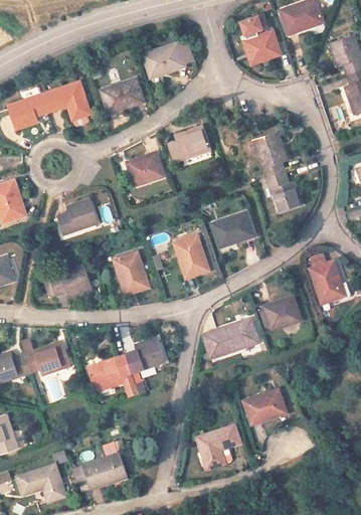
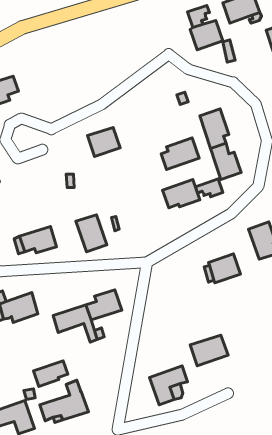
building: [143,41,194,74] -> none
building: [101,78,144,114] -> none
building: [42,81,91,120] -> none
building: [168,126,211,162] -> [161,138,199,170]
building: [57,199,99,234] -> none
building: none -> [196,179,223,197]
building: [174,235,209,279] -> none
building: [203,319,258,358] -> none
building: none -> [34,361,68,386]

